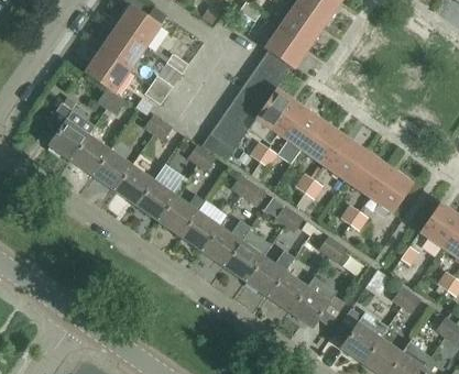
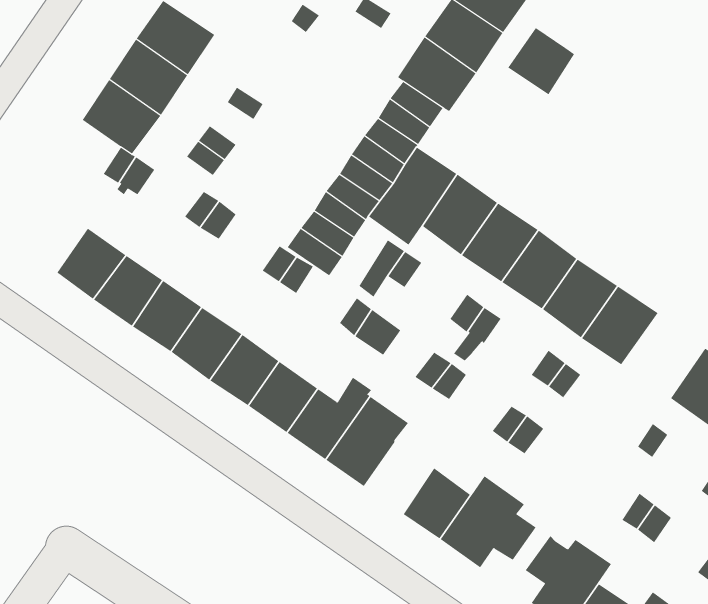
building: none -> [507,27,575,95]
building: [46,102,88,160] -> none
building: [245,250,294,297] -> none

